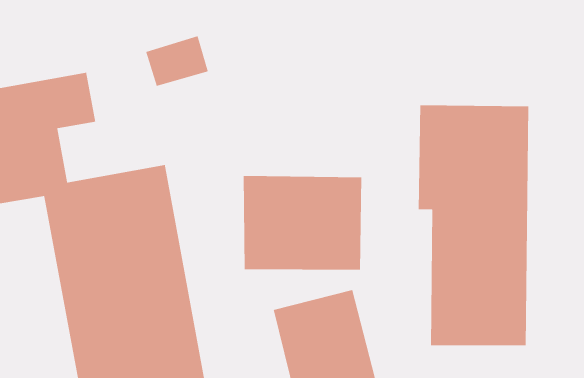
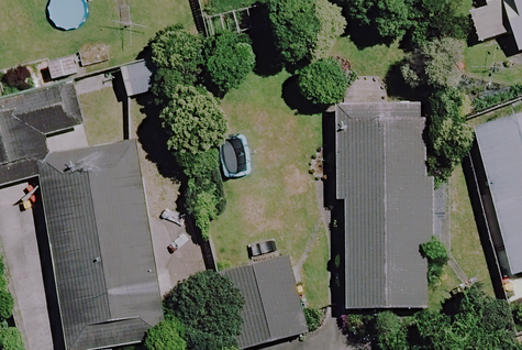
building: [243,175,362,270] -> none

